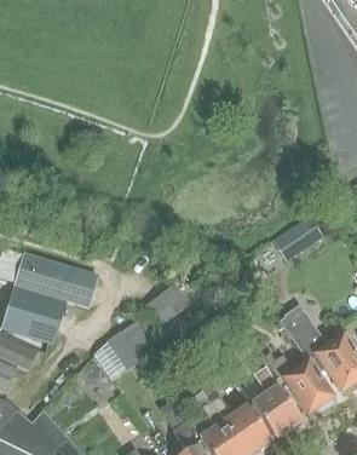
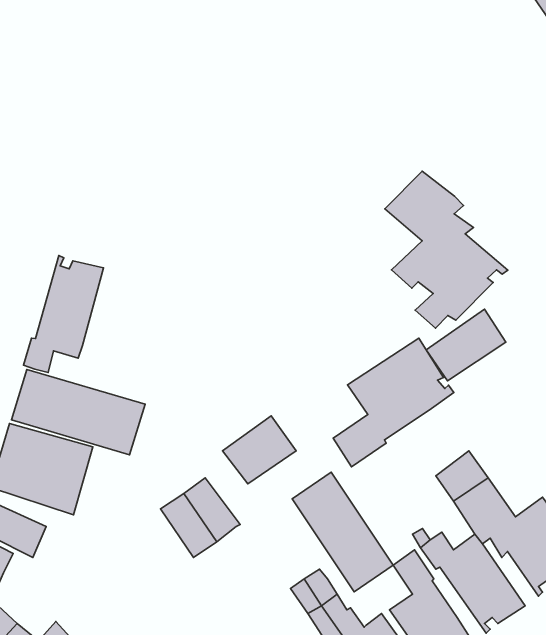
building: none -> [385,171,508,328]
building: none -> [23,256,103,372]
building: none -> [333,338,454,467]
building: none -> [292,472,393,592]

